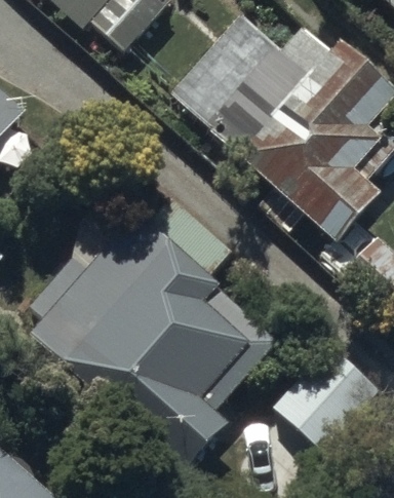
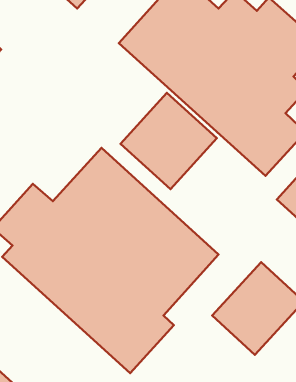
building: none -> [121,93,217,189]

